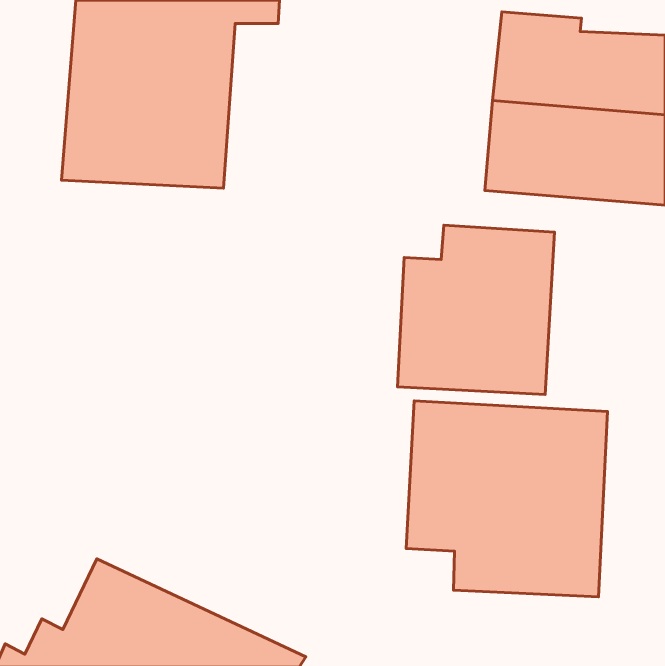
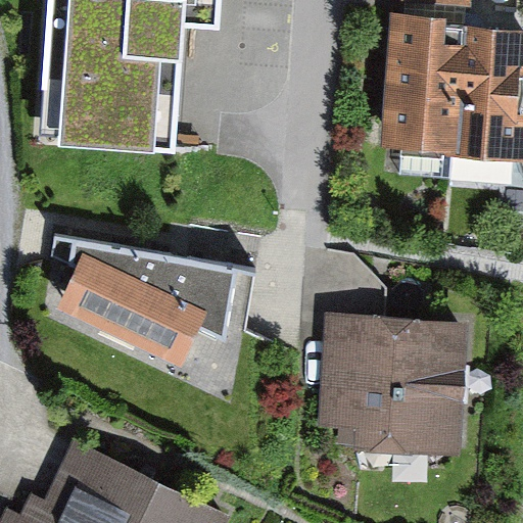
building: [397,225,554,394] -> none
building: none -> [55,241,238,369]

